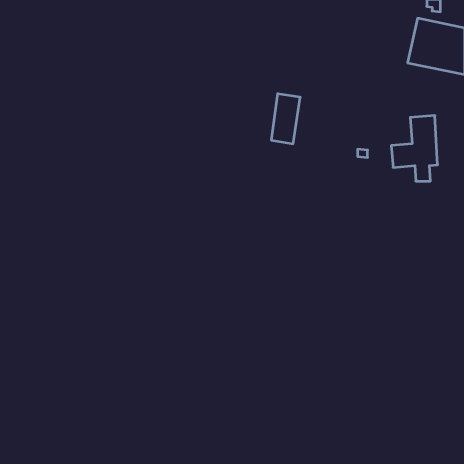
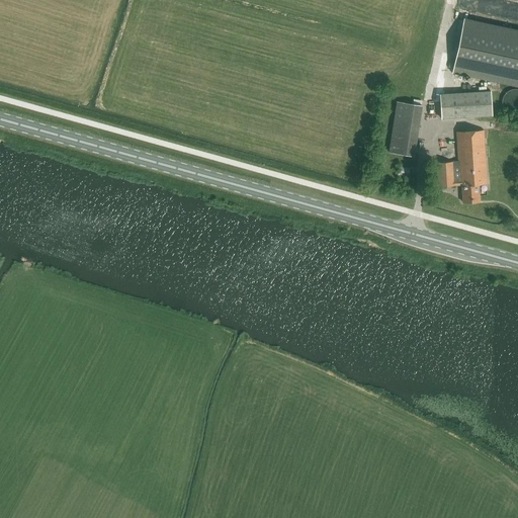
building: none -> [440,90,493,117]
building: [271,94,300,144] -> [390,100,422,156]

